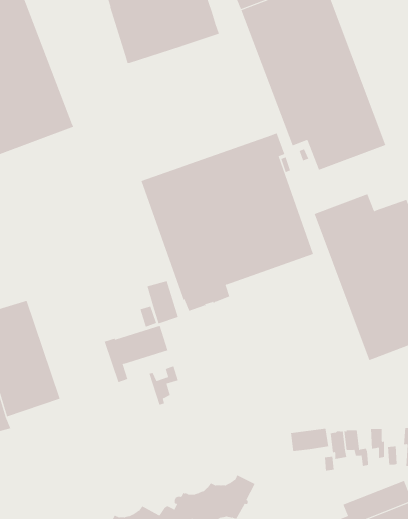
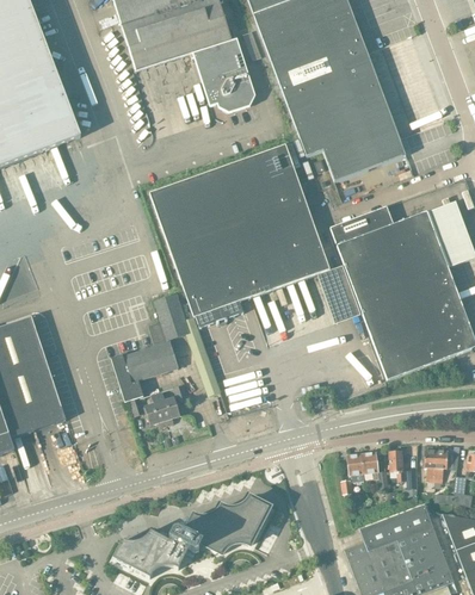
building: none -> [192,38,254,112]
building: none -> [130,392,168,427]
building: [291,428,329,452] -> none

